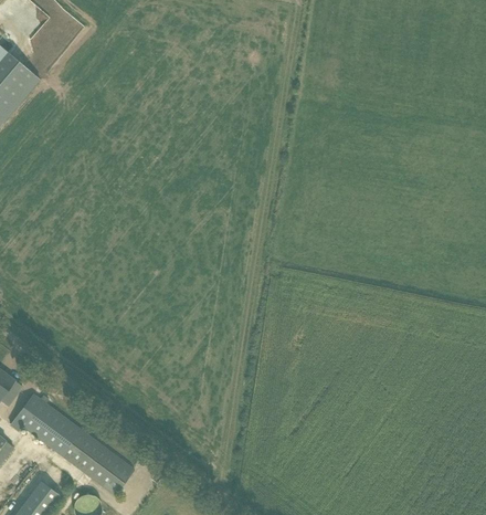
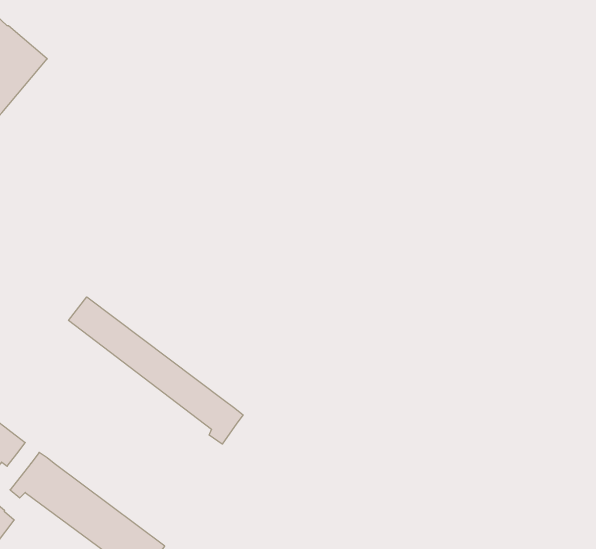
building: none -> [69,297,243,444]

